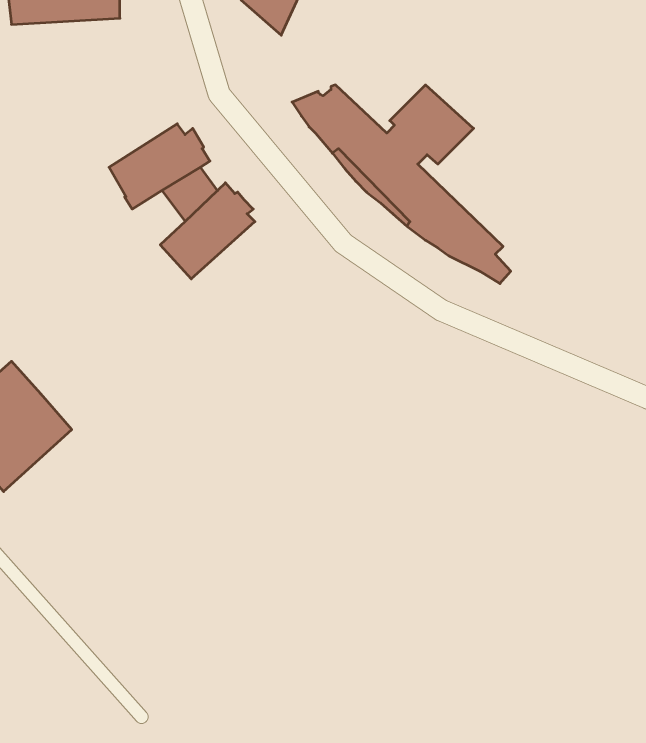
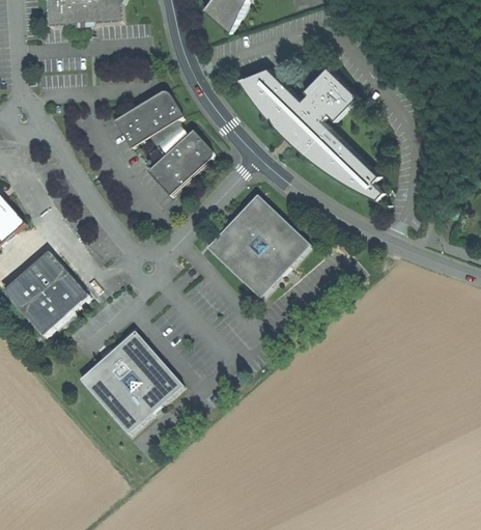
building: none -> [207,196,308,297]
building: none -> [82,332,181,433]

